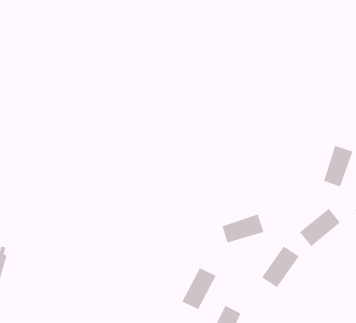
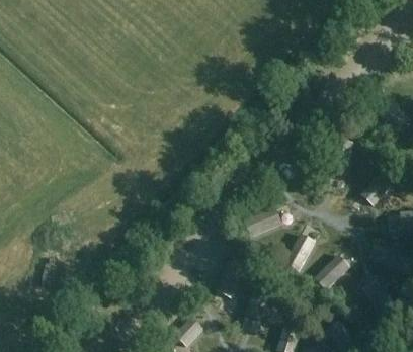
building: [299,208,341,247] -> [317,256,353,292]

